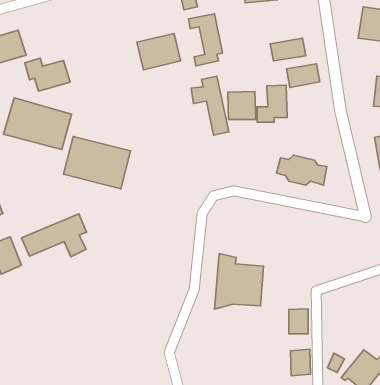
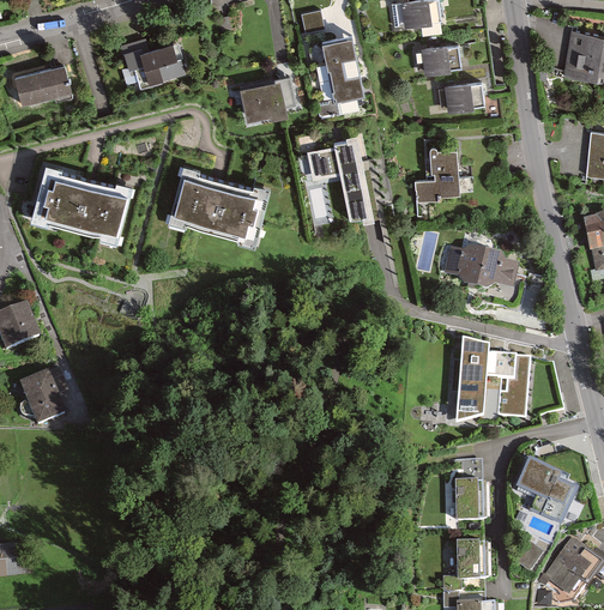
building: [25,58,70,91] -> [119,37,186,86]
building: [287,64,320,87] -> [410,41,459,76]
building: [228,91,256,119] -> none
building: [63,136,130,189] -> [176,167,276,244]
building: [22,214,87,257] -> none
building: [214,253,264,309] -> [454,338,527,421]
building: none -> [523,457,580,521]

